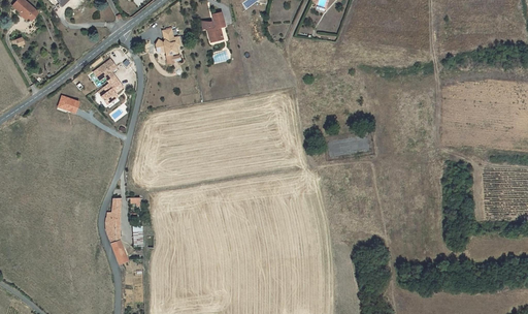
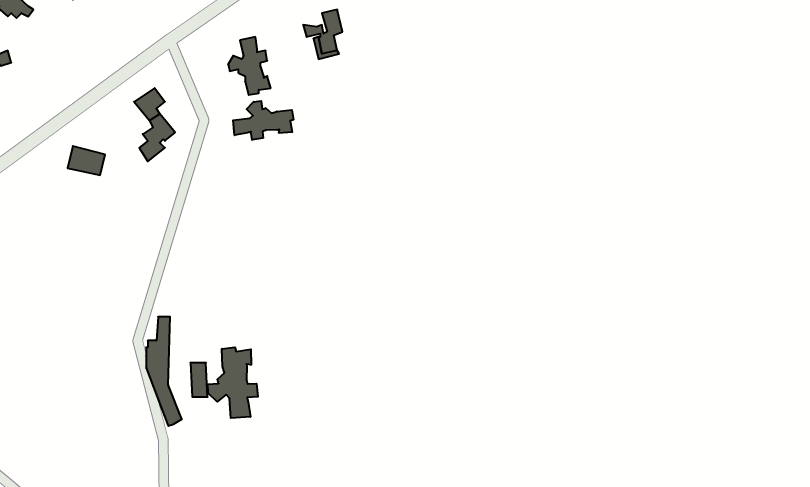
building: none -> [233,101,294,140]
building: none -> [208,347,258,418]

